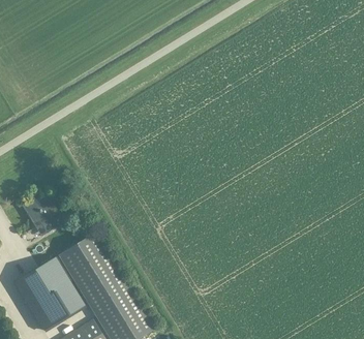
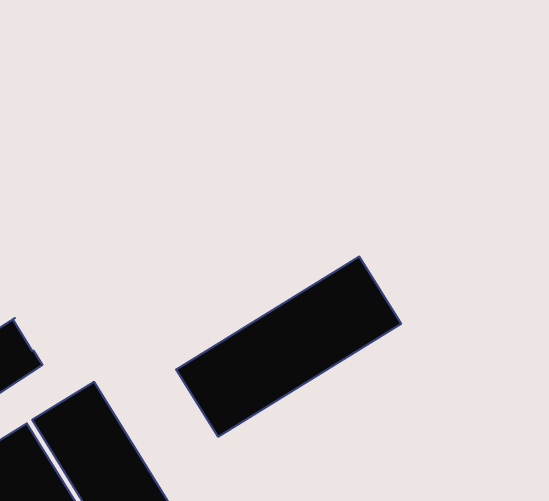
building: none -> [176,256,401,437]

